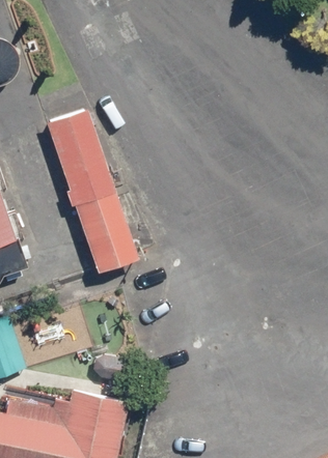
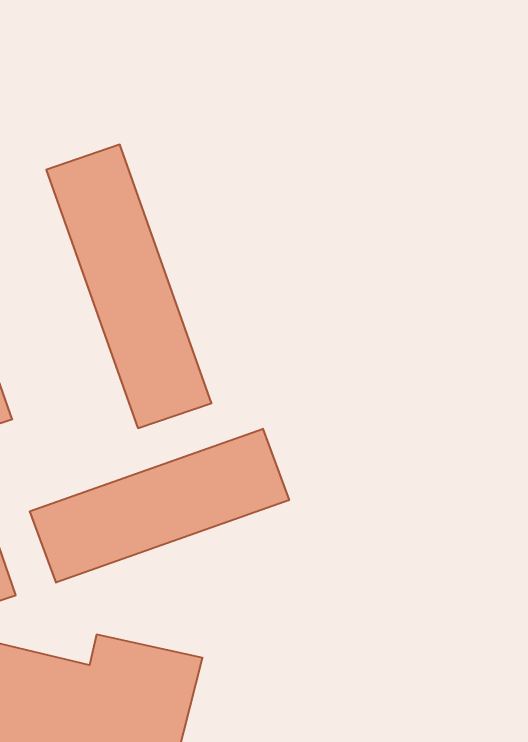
building: none -> [30,429,289,583]

